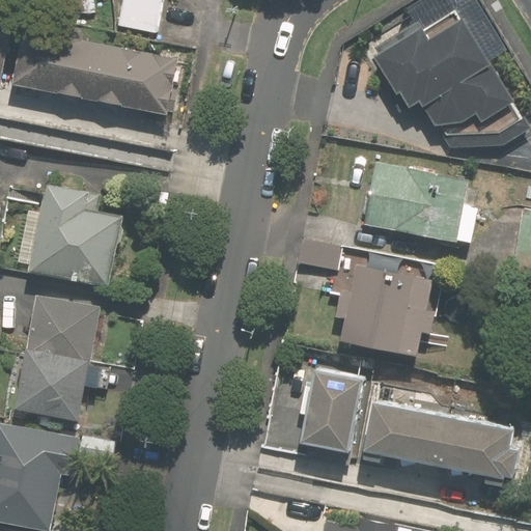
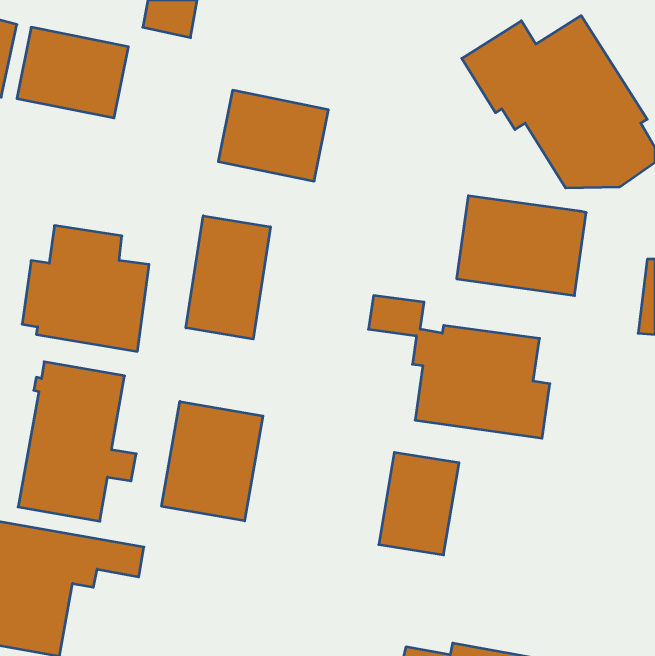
building: [91,43,179,115] -> [218,90,328,181]
building: none -> [186,216,270,339]
building: none -> [162,401,263,521]
building: [365,397,520,479] -> none

